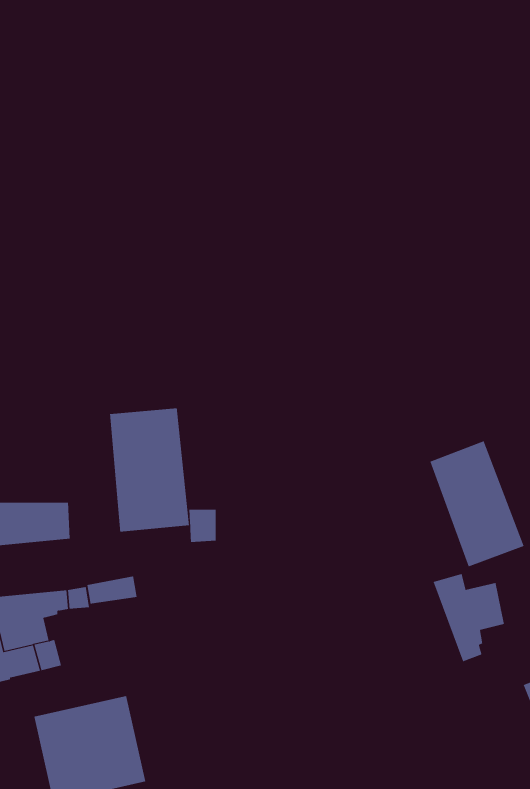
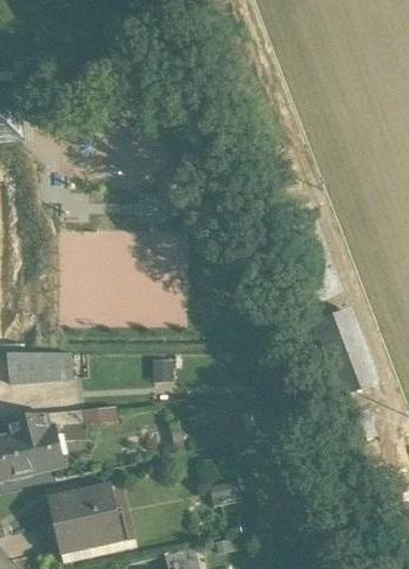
building: [110,408,189,532] -> none
building: [433,573,505,662] -> none

